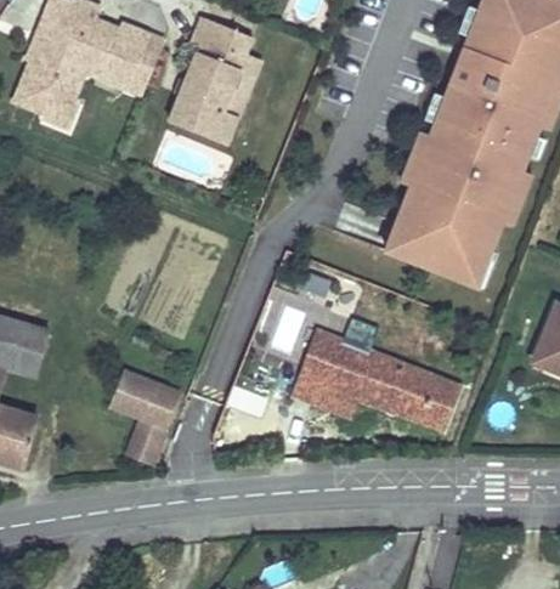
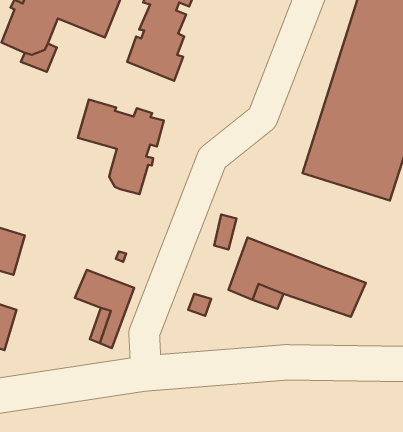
building: none -> [78,100,164,194]

